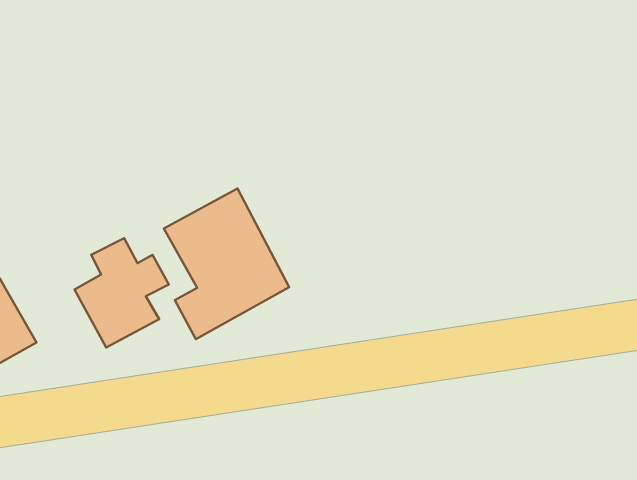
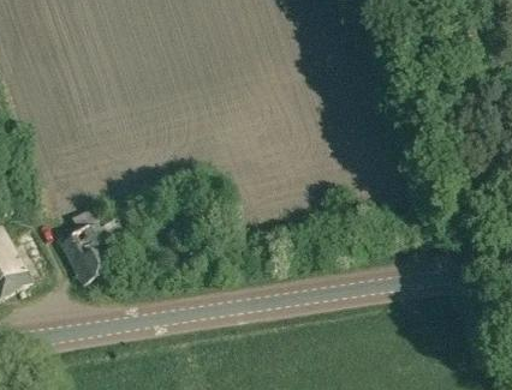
building: [164,189,289,339] -> none

